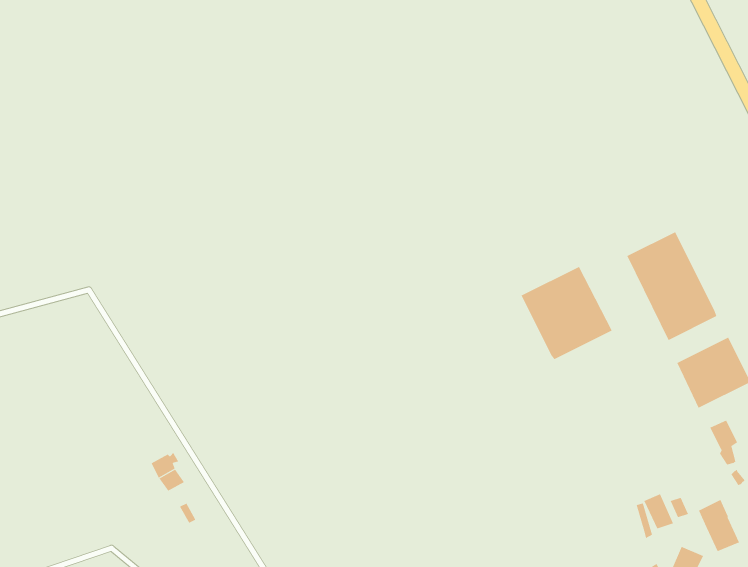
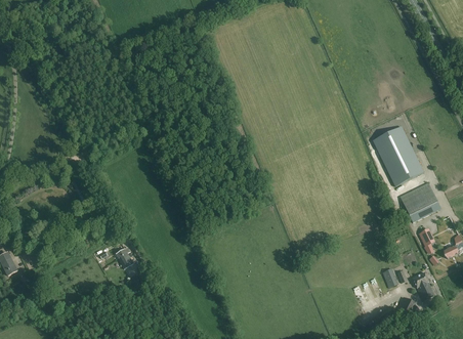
building: [521,266,613,360] -> none

